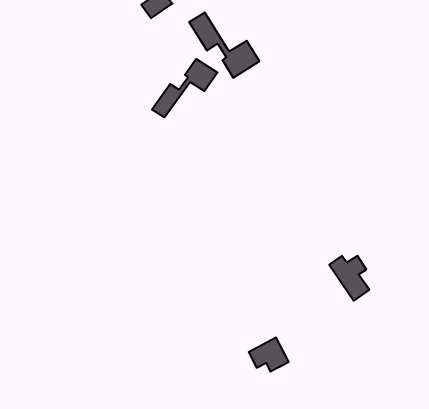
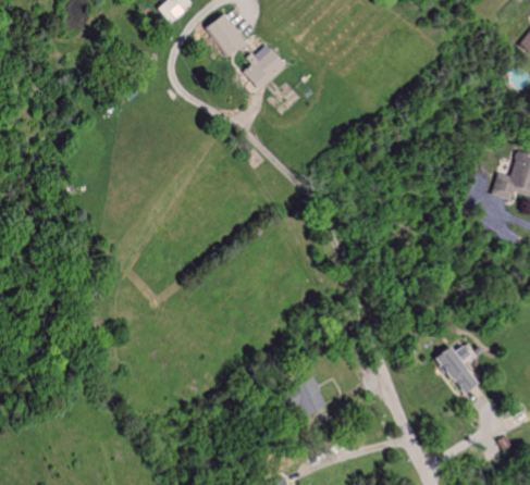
building: [152,59,218,117] -> none
building: [329,256,369,301] -> [429,344,473,394]

